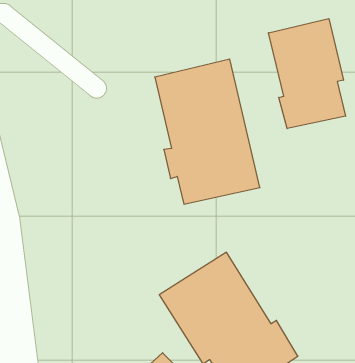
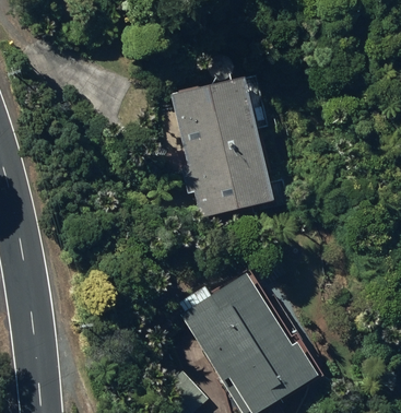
building: [268,19,346,129] -> none

